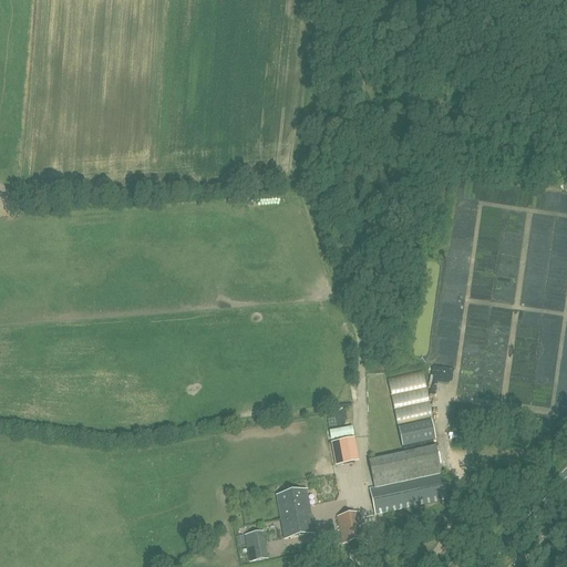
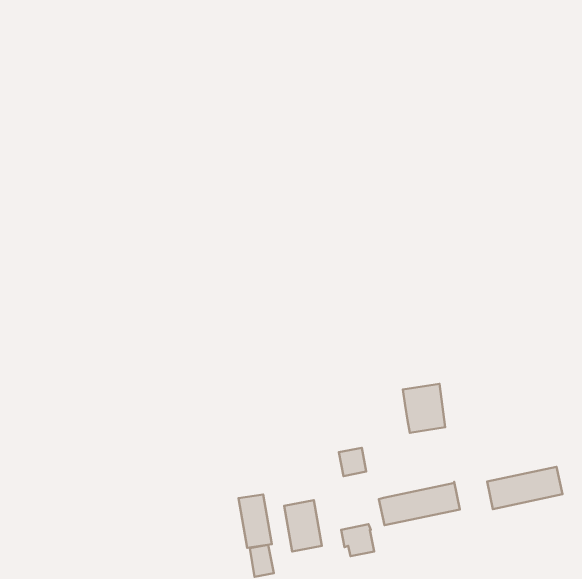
building: [396,417,434,443] -> none
building: [367,442,440,483] -> [487,467,562,509]
building: none -> [239,494,272,548]

